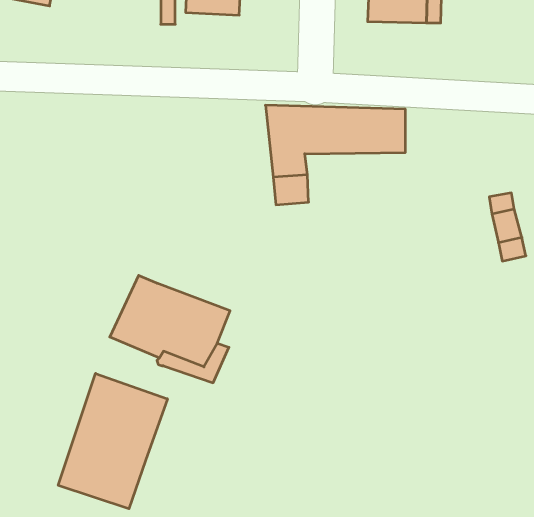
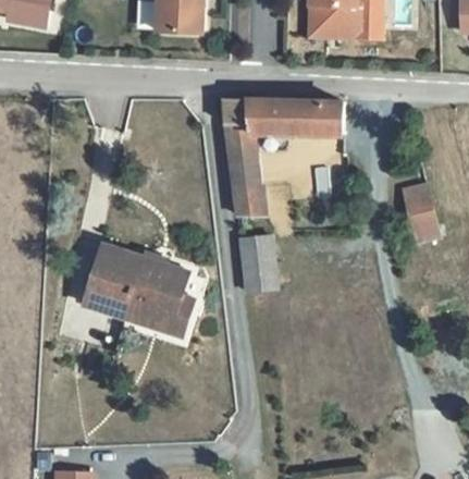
building: none -> [232,185,262,221]
building: none -> [243,246,271,297]
building: [58,373,167,509] -> none

